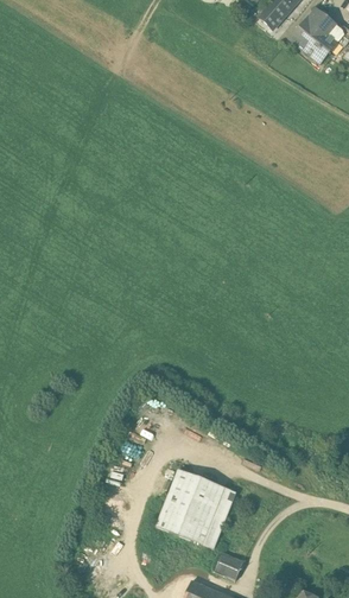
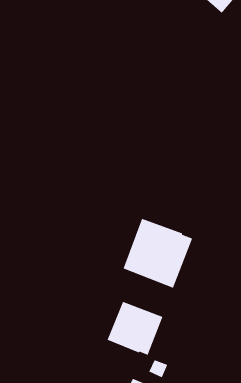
building: none -> [123,218,193,289]

